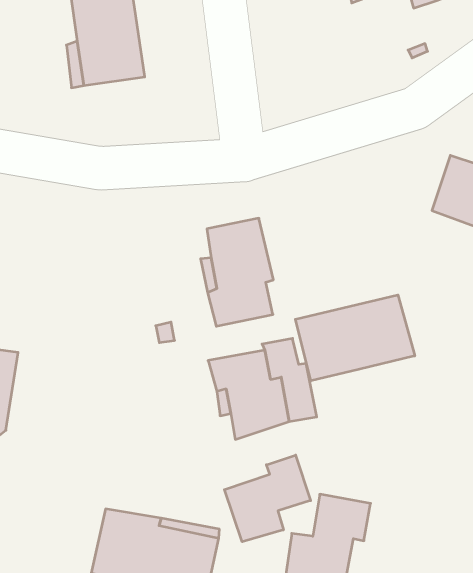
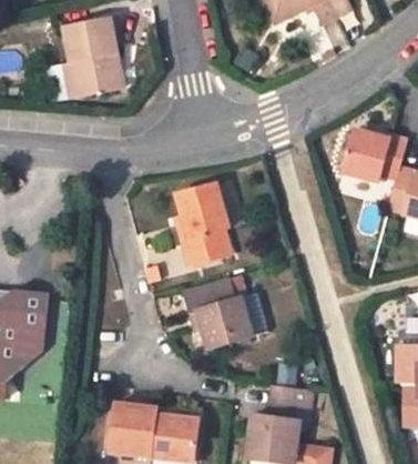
building: [295,295,415,381] -> none
building: [224,455,311,542] -> none

